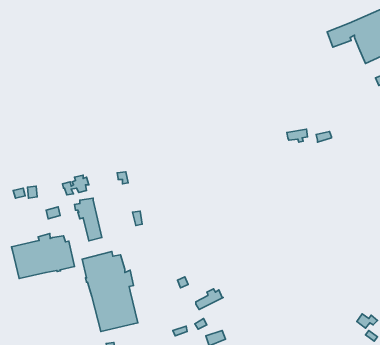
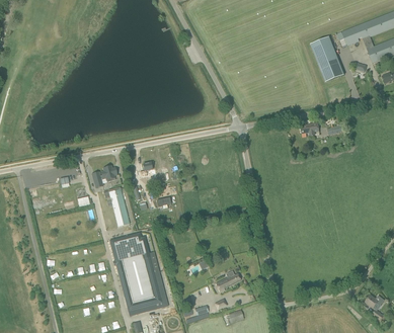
building: none -> [313,35,344,80]
building: [12,234,74,278] -> none

